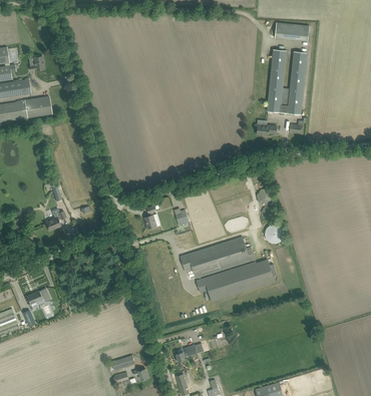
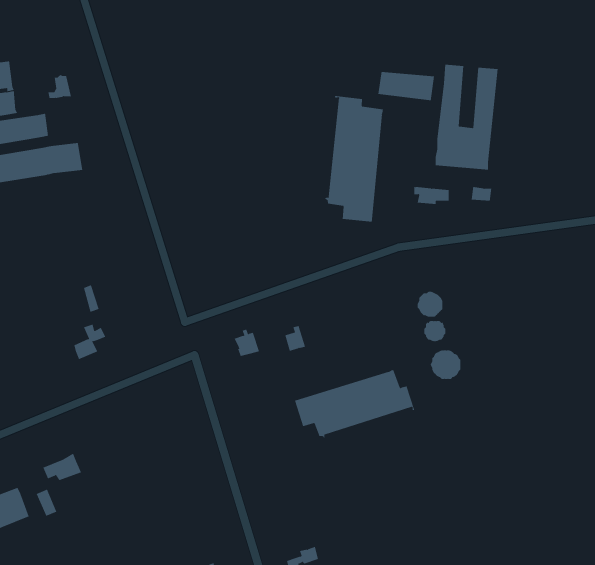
building: [275,23,310,41] -> [377,71,435,101]
building: none -> [325,95,383,222]
building: [197,259,277,302] -> none

